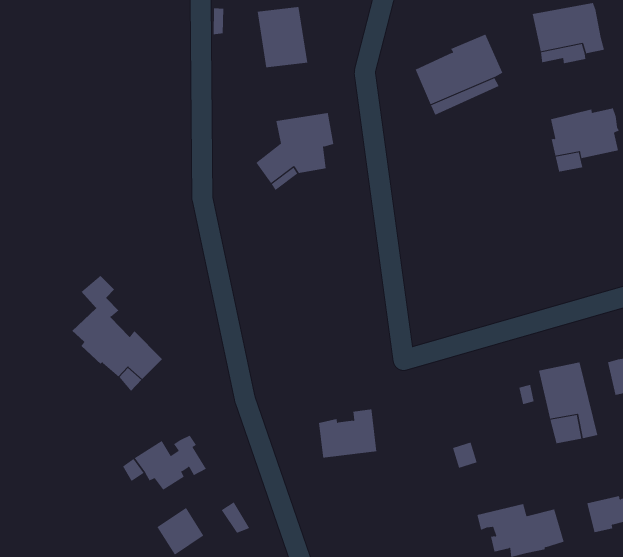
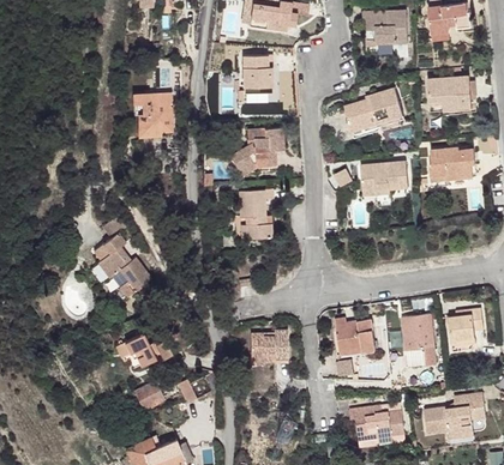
building: none -> [133,93,172,135]
building: none -> [359,162,408,189]
building: none -> [239,189,272,238]
building: none -> [334,318,376,352]

